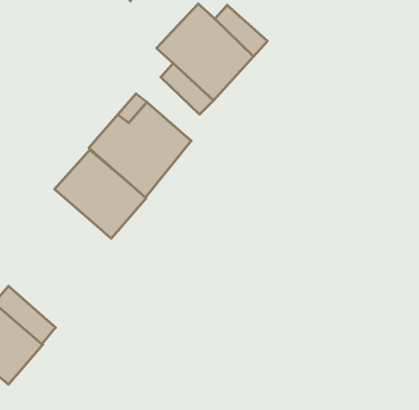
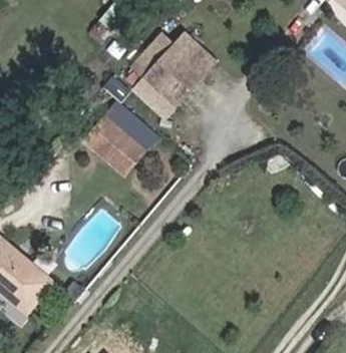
building: [55,150,146,238] -> none

